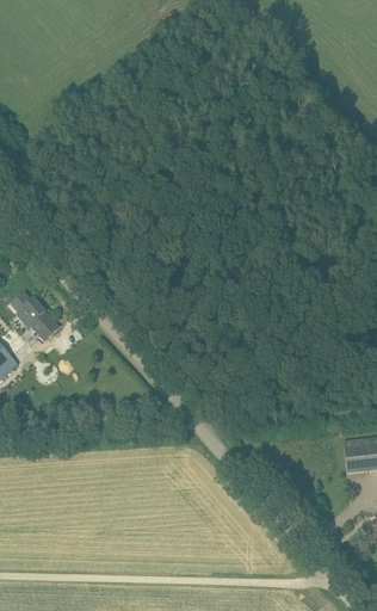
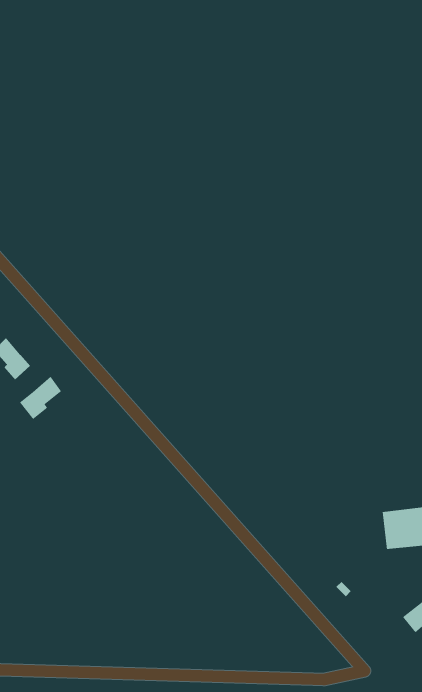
building: none -> [19,376,62,420]

